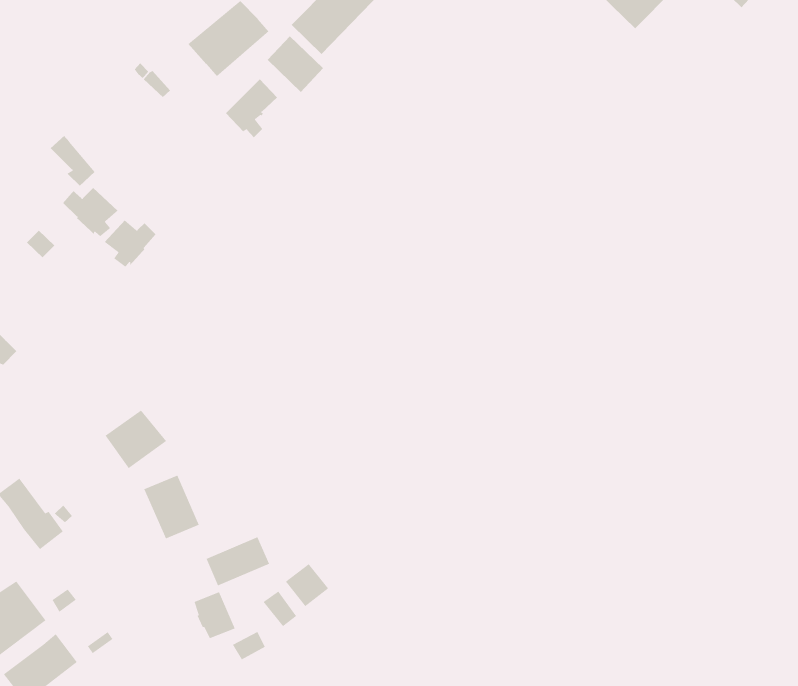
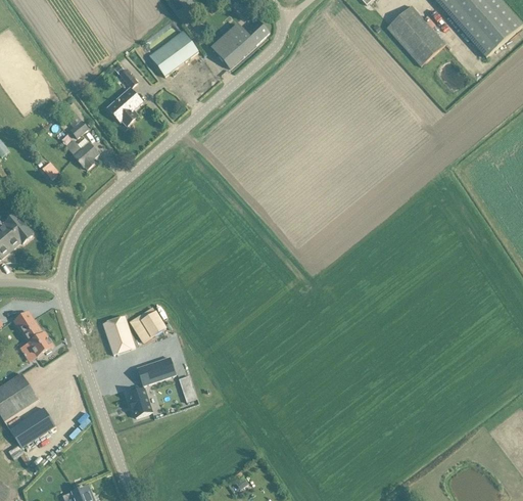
building: [267,35,324,93] -> none
building: [225,79,278,138] -> [109,89,142,125]
building: [104,220,156,267] -> none
building: [104,409,167,469] -> [129,306,167,341]

